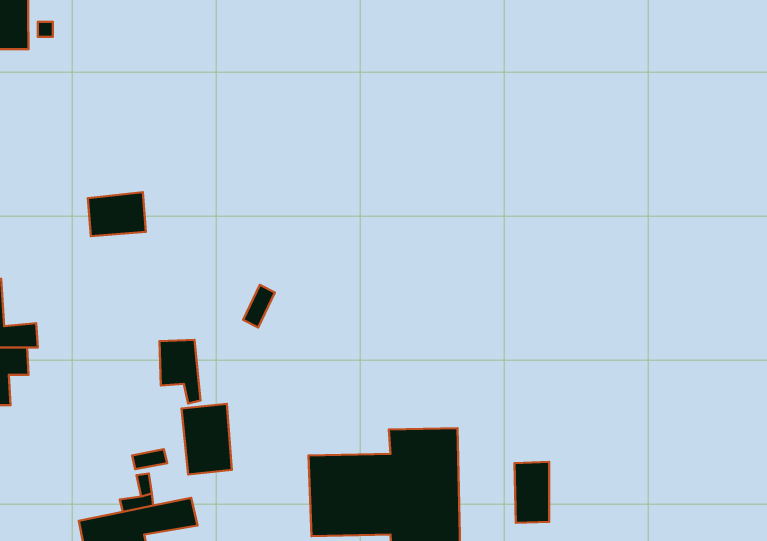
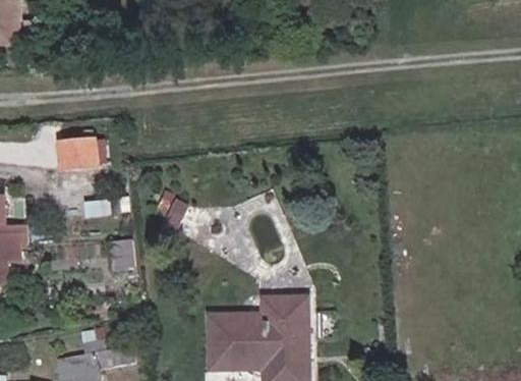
building: [181,404,232,474] -> none
building: [515,462,549,523] -> none

